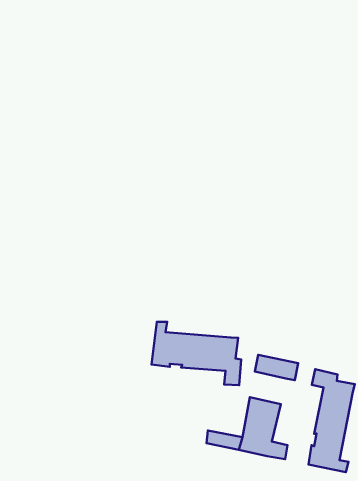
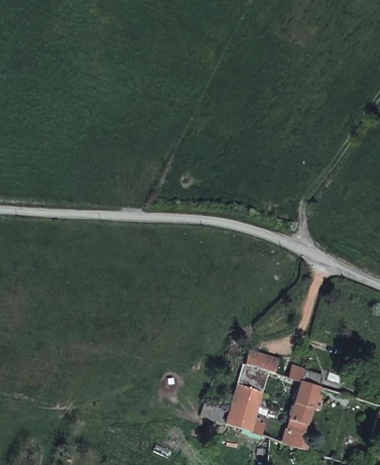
building: [152,322,241,385] -> none
building: none -> [239,362,269,390]

